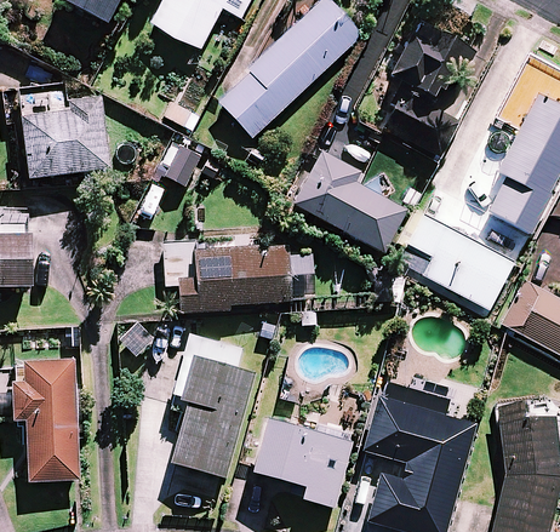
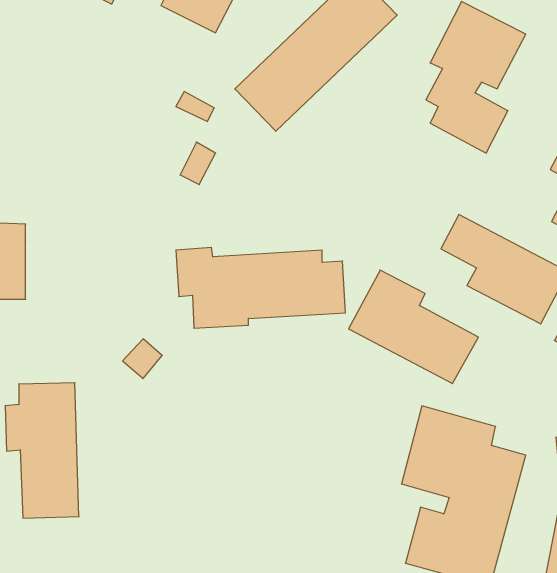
building: [18,98,110,178] -> none
building: [291,151,406,252] -> [349,270,478,384]
building: [172,337,253,476] -> none
building: [253,418,352,505] -> none

